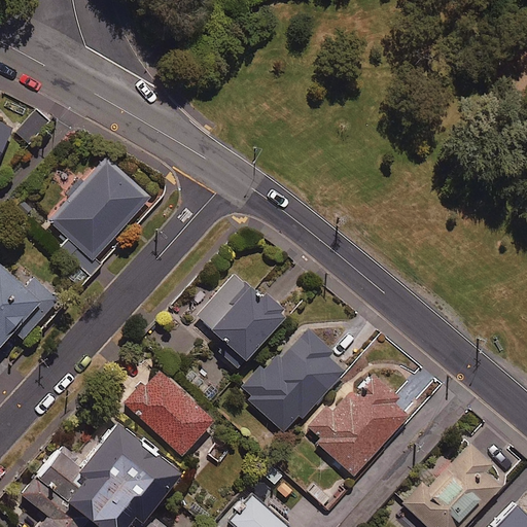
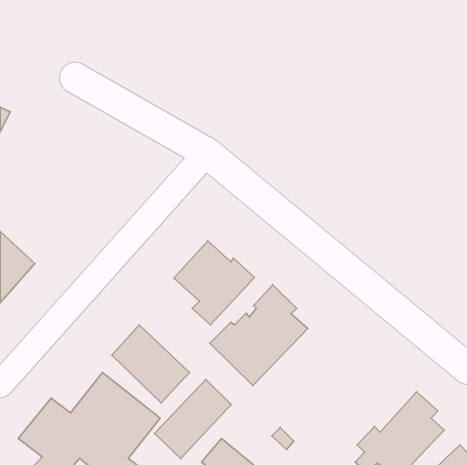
building: [48,159,149,261] -> none
building: [304,373,410,478] -> none
building: none -> [155,379,231,458]

